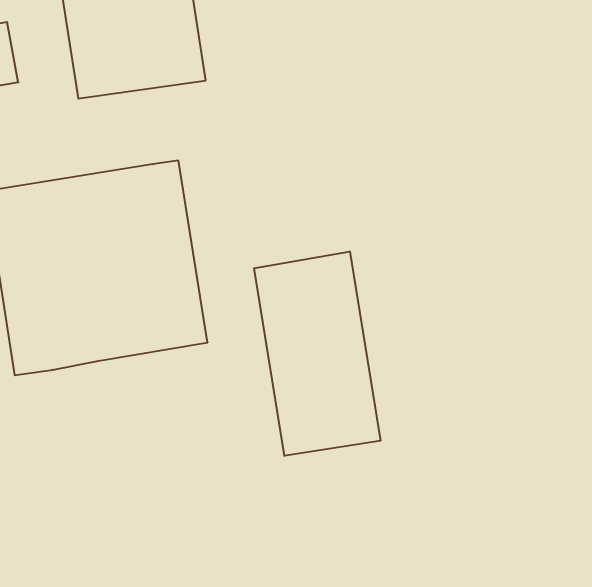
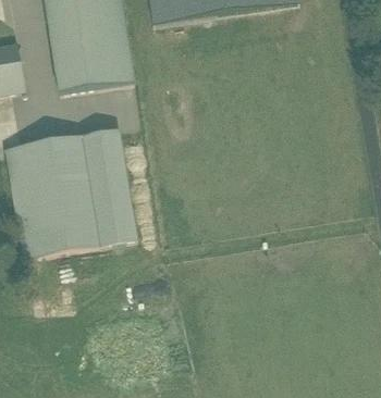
building: [254,251,380,456] -> none

